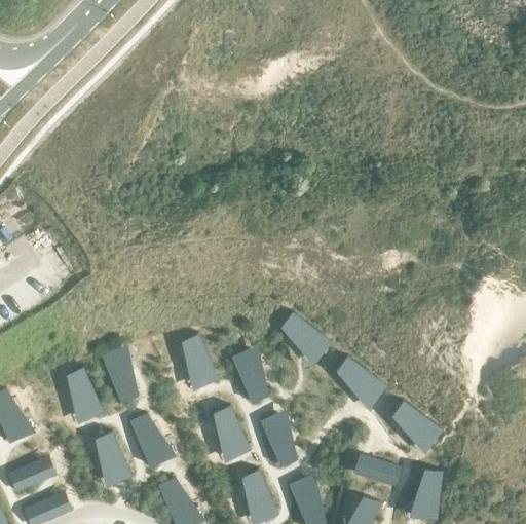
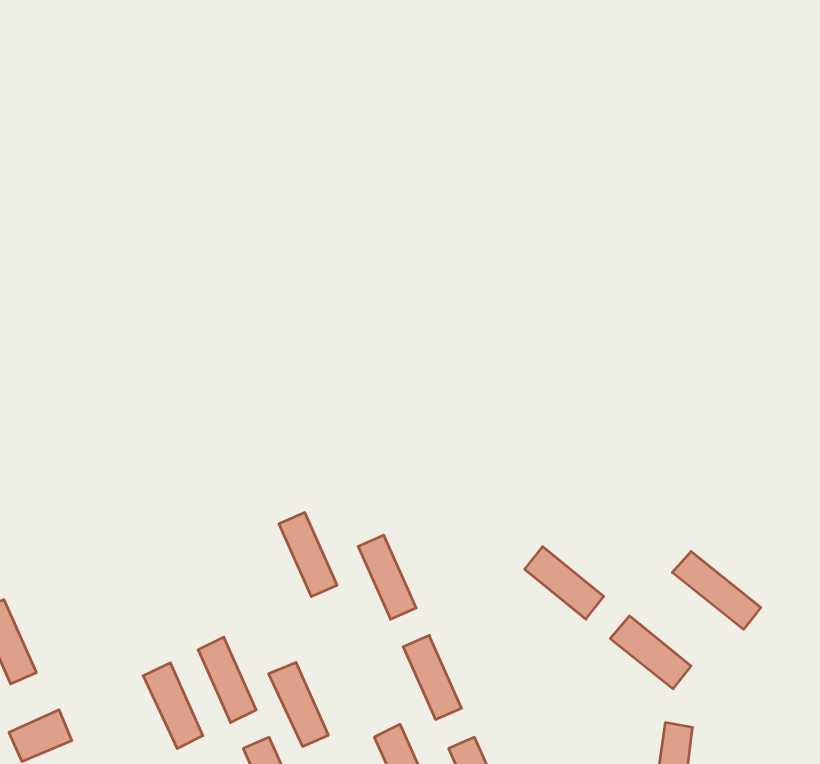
building: [281,311,332,358] -> none
building: [102,351,139,405] -> none
building: none -> [672,551,761,629]
building: [67,368,105,421] -> none
building: [213,406,251,459] -> [269,662,328,746]
building: [363,457,403,487] -> none

